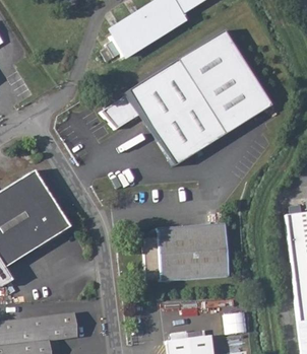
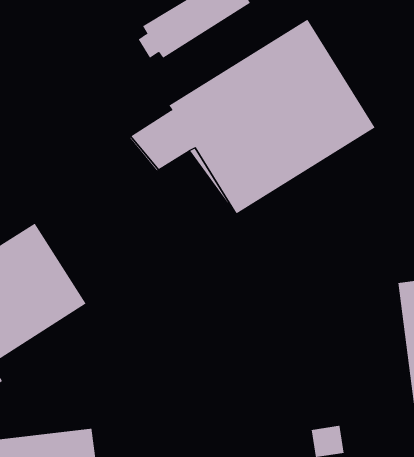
building: [145,221,229,279] -> none

